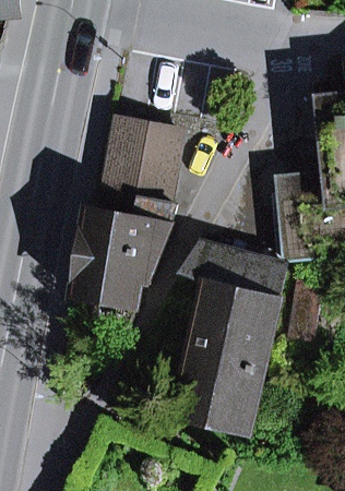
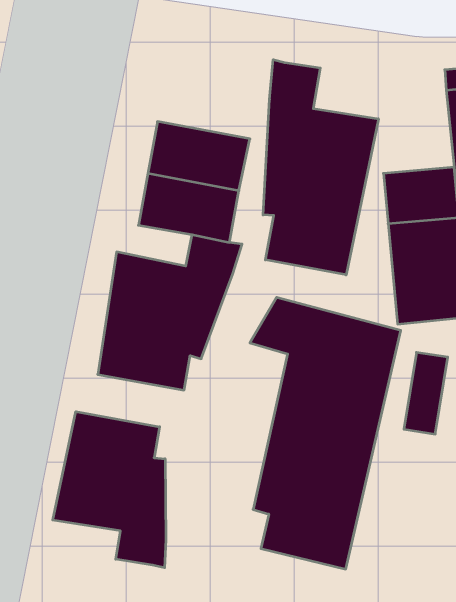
building: none -> [263,60,378,275]
building: none -> [53,412,166,568]

